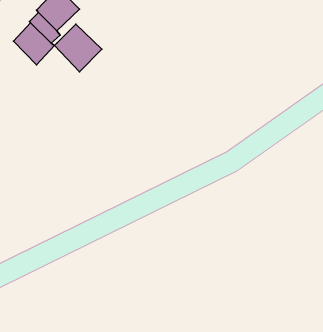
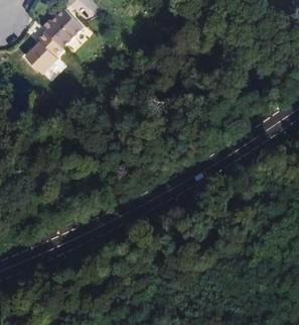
building: [55,24,102,72] -> none

